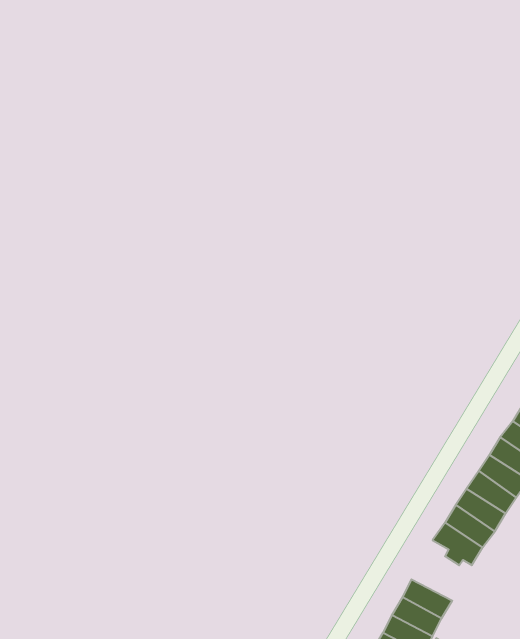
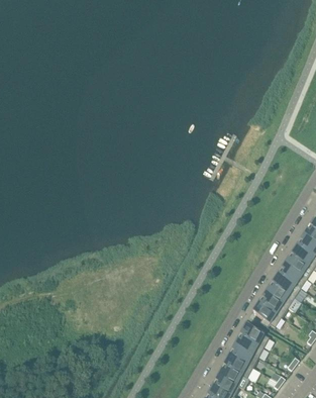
building: none -> [240,322,270,345]

